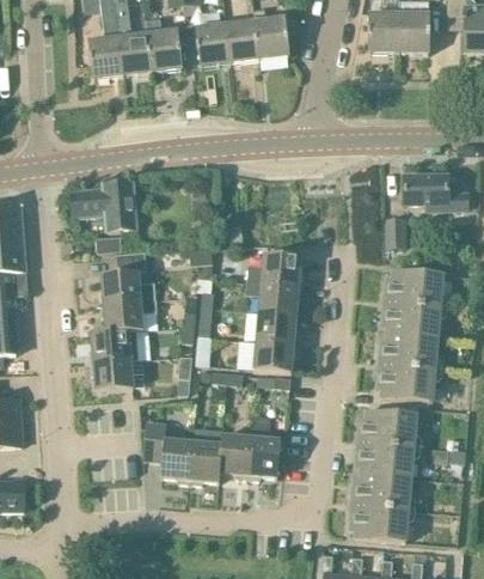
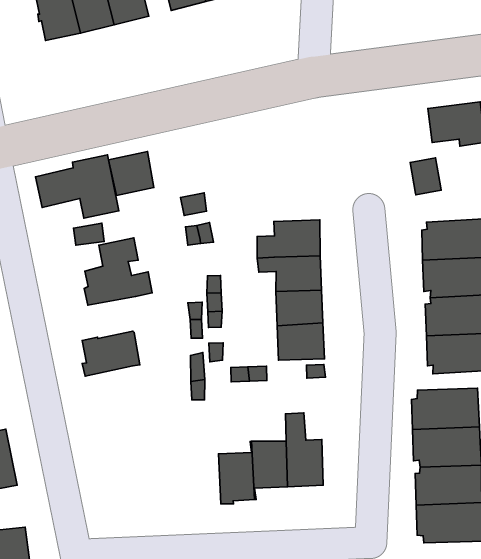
building: none -> [108,152,154,195]
building: [100,299,158,331] -> none
building: [91,358,134,390] -> none
building: [142,420,194,482] -> none

